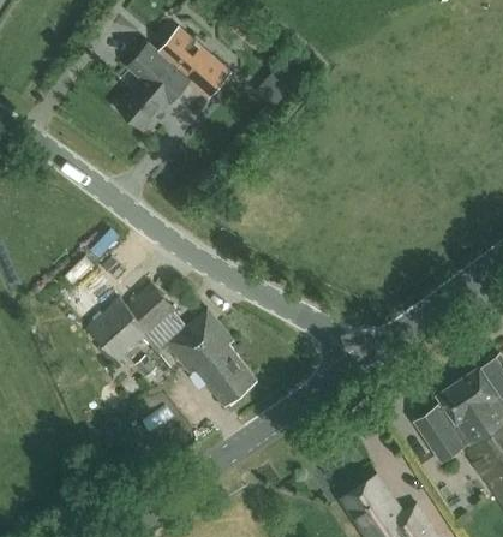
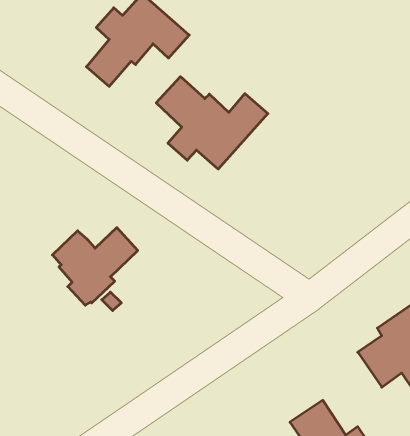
building: none -> [156,77,268,169]
building: [166,309,256,405] -> none

